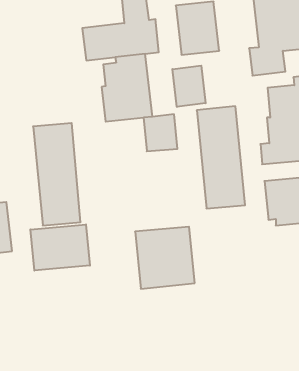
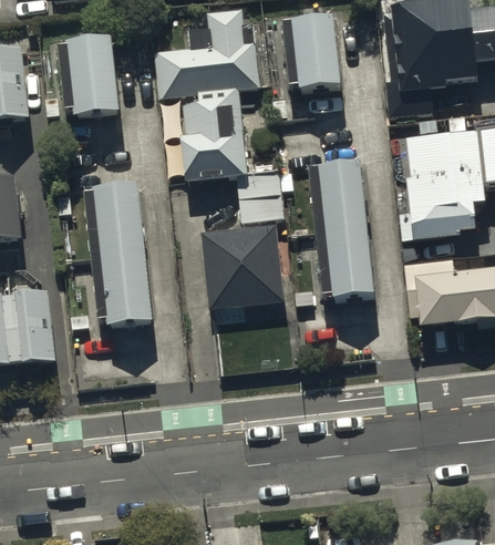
building: none -> [60,35,121,114]
building: [172,66,206,107] -> none
building: [30,224,90,271] -> none
building: [135,227,195,289] -> [202,224,283,309]

